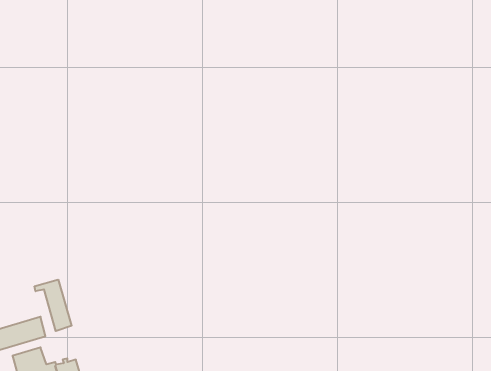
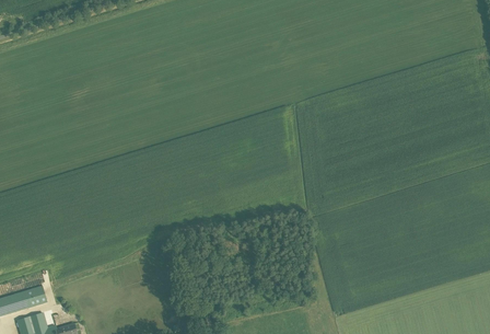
building: [35,280,72,331] -> none

